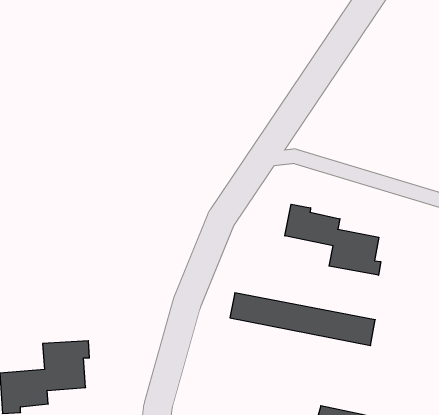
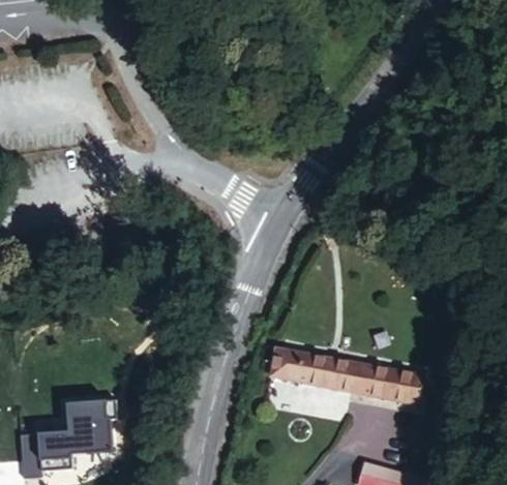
building: [285,204,381,275] -> none

